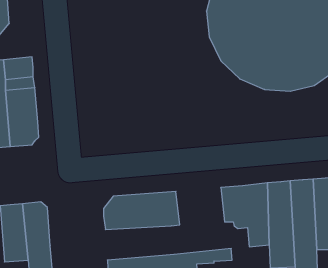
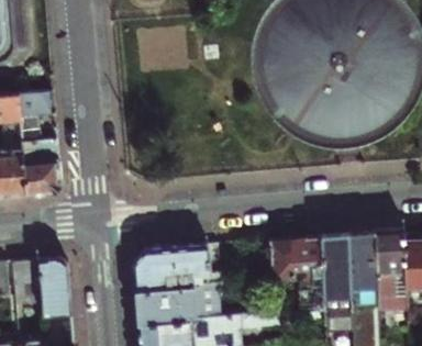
building: none -> [134,284,213,324]

